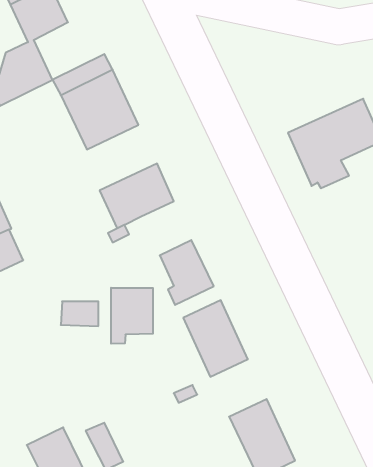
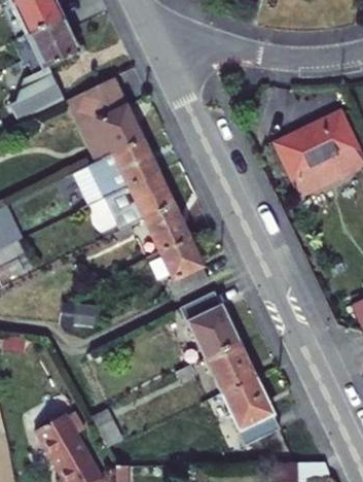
building: none -> [79,139,158,206]
building: none -> [144,206,188,253]
building: [111,288,153,344] -> none
building: none -> [205,344,254,394]

